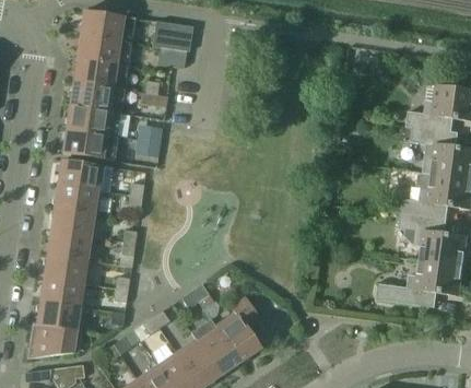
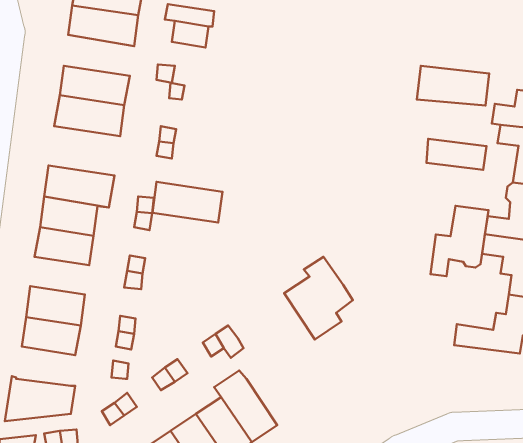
building: [73,58,128,90] -> none
building: none -> [417,66,489,106]
building: [62,129,117,161] -> [152,182,223,223]
building: none -> [426,139,486,170]
building: none -> [431,206,489,276]
building: [47,231,93,260] -> none
building: [215,297,269,362] -> [284,257,353,340]
building: [36,301,82,331] -> none

